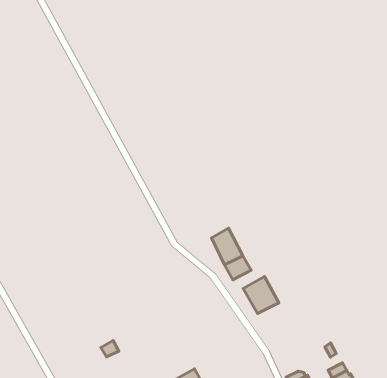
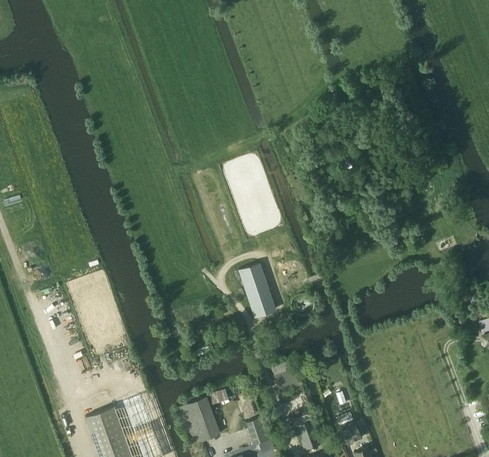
building: [243,276,279,313] -> none

